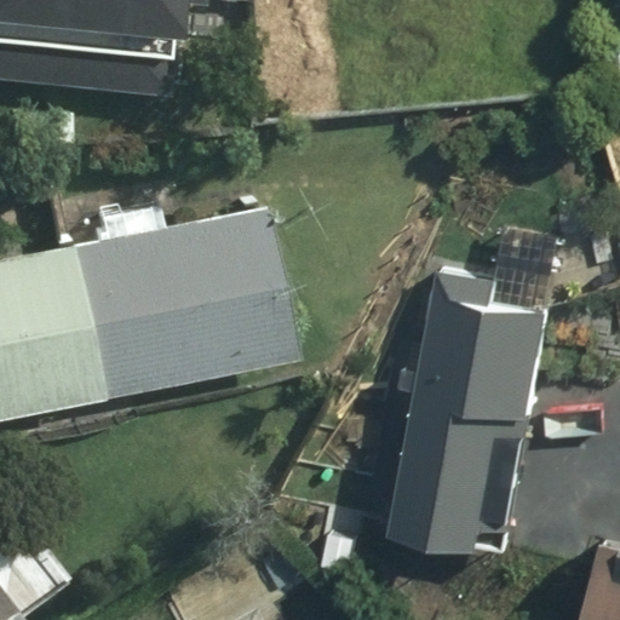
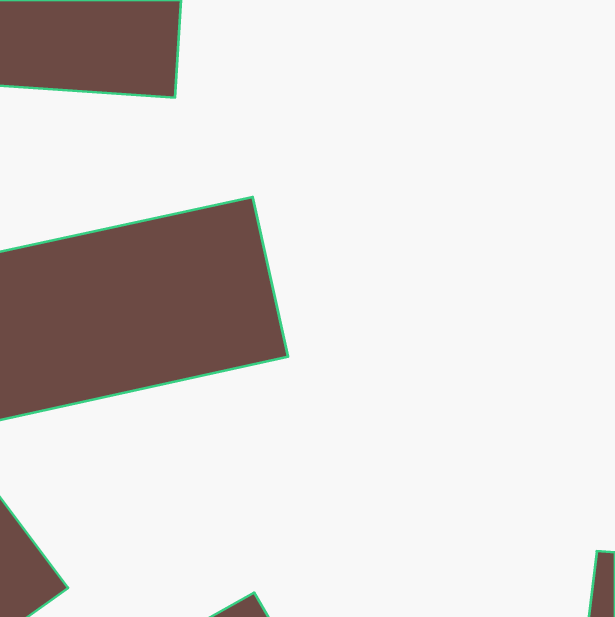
building: [398,234,557,539] -> none

